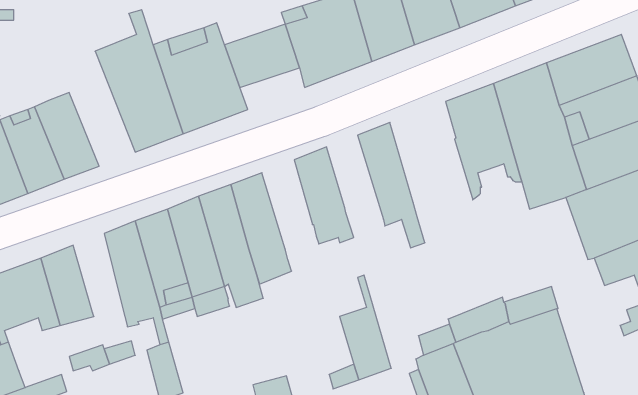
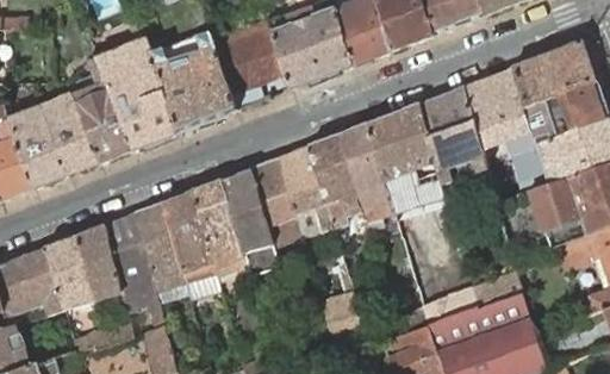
building: none -> [69,56,132,162]
building: none -> [367,102,448,225]
building: none -> [309,133,361,227]
building: none -> [249,156,303,248]
building: none -> [75,224,120,297]

